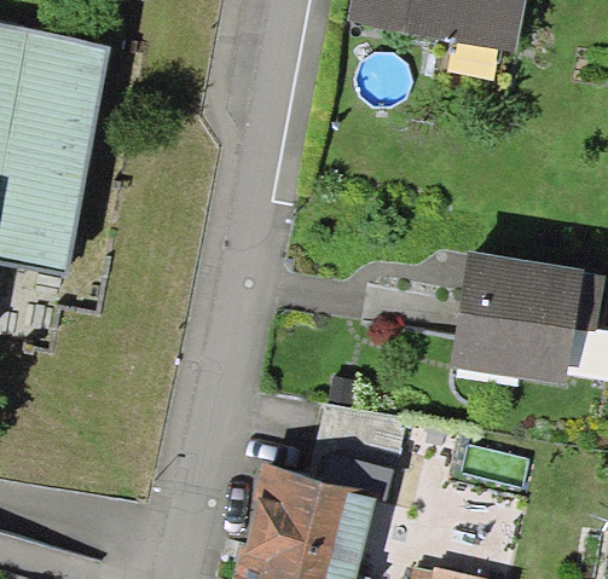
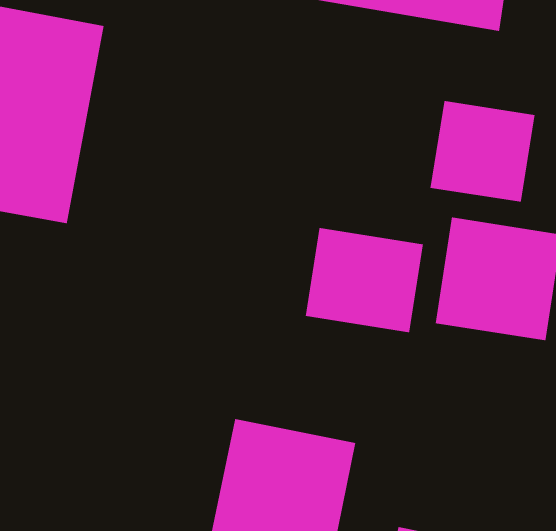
building: none -> [430,100,535,203]
building: none -> [305,227,424,333]

